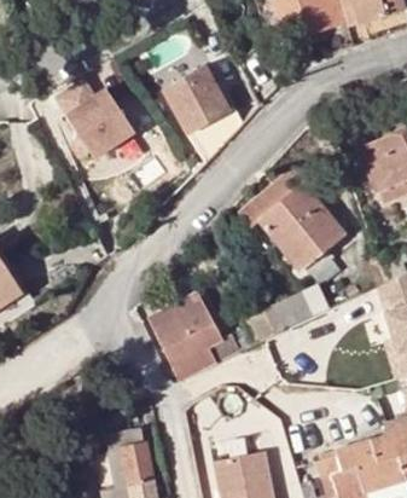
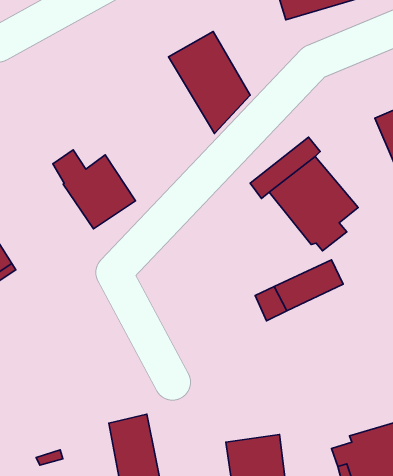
building: [57,83,135,158] -> [53,150,136,229]
building: [147,291,239,378] -> none

